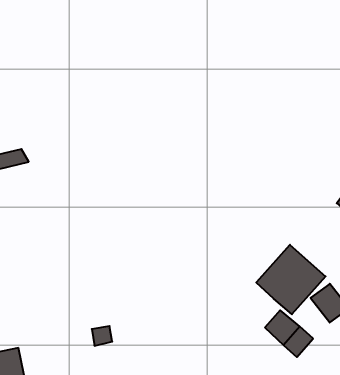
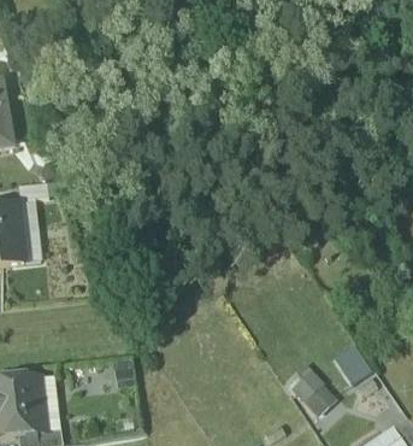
building: [256,245,326,314] -> none

